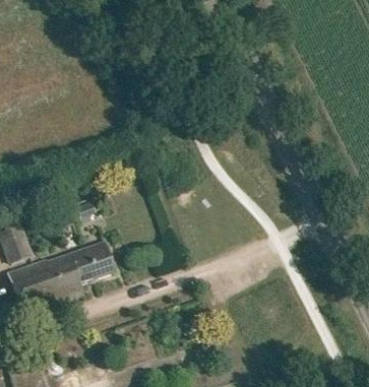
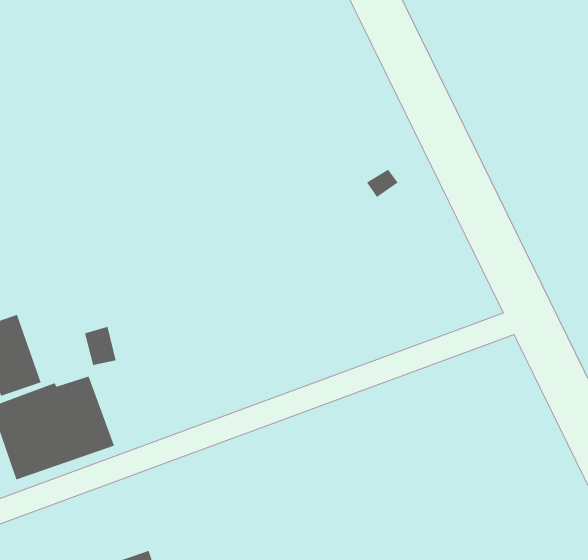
building: [64,240,113,295] -> none

